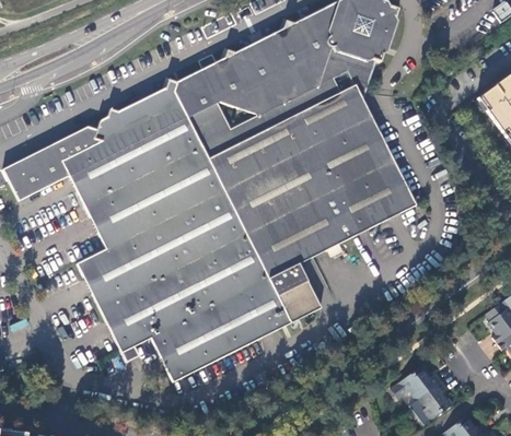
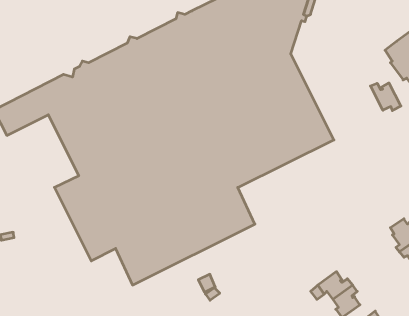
building: none -> [370,83,401,111]

